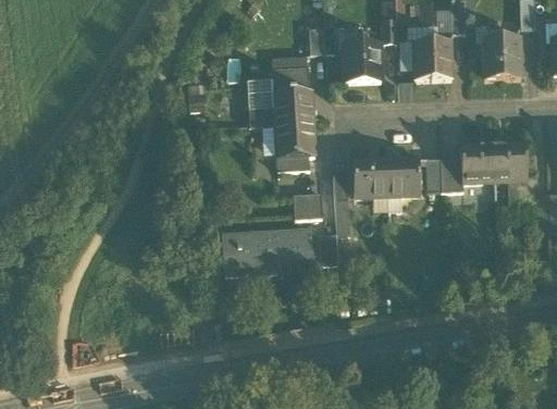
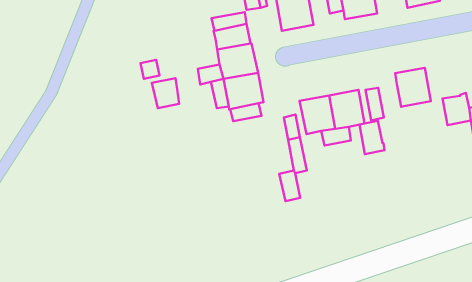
building: [247,79,273,109] -> [152,78,179,108]
building: [494,142,528,182] -> none
building: [441,158,463,191] -> [359,121,384,154]
building: [294,194,322,220] -> none
building: [224,232,313,275] -> none

